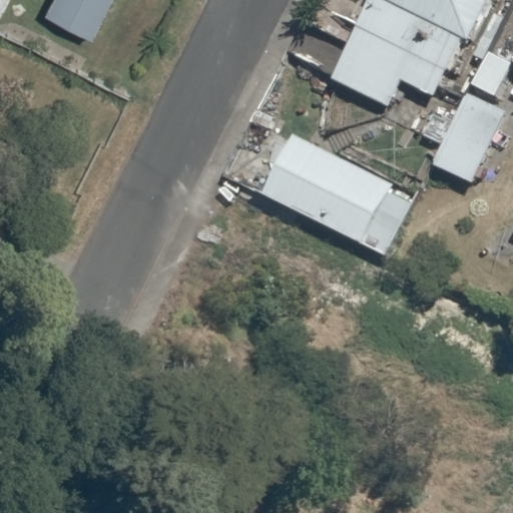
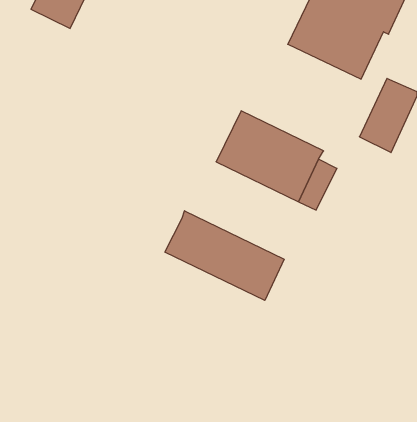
building: none -> [165,211,284,300]

